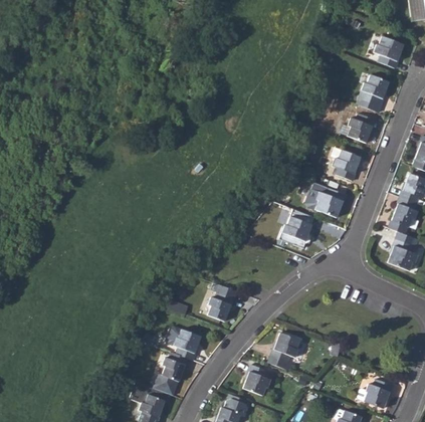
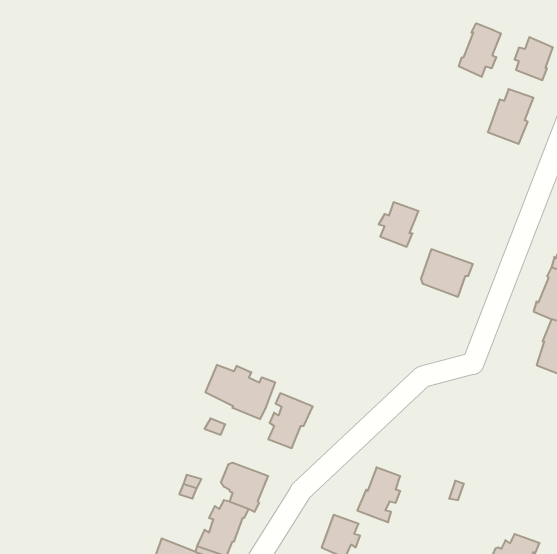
building: none -> [459,23,501,77]
building: [349,115,376,144] -> none
building: [334,152,361,182] -> [379,202,419,247]
building: [287,219,312,248] -> none
building: none -> [206,365,275,419]

